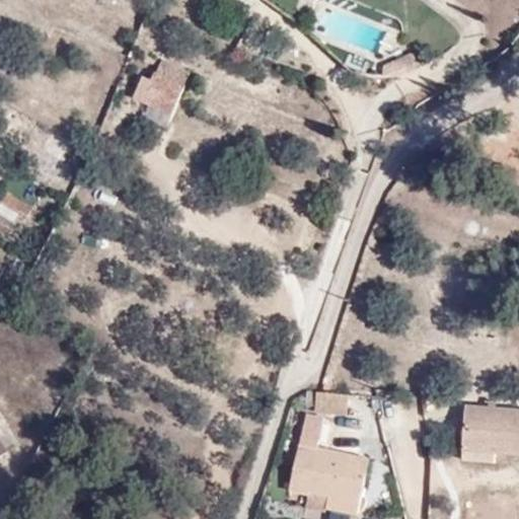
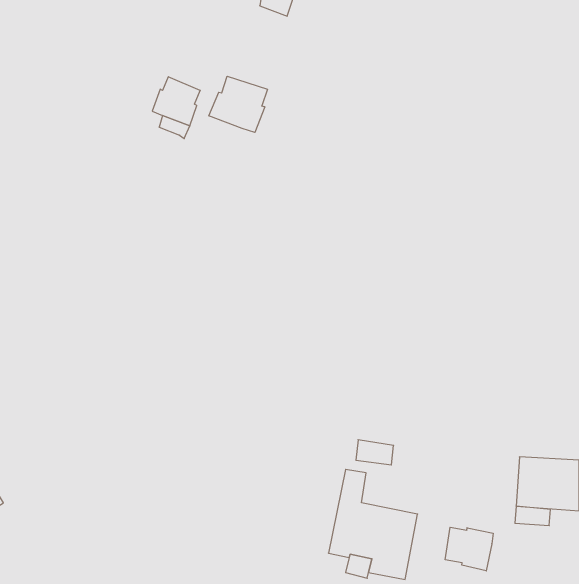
building: none -> [209,76,267,132]
building: none -> [445,527,493,571]

